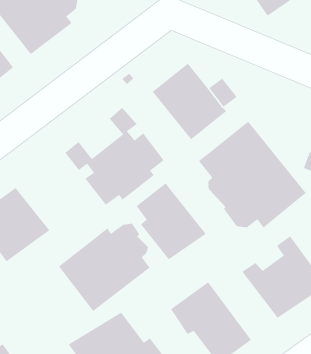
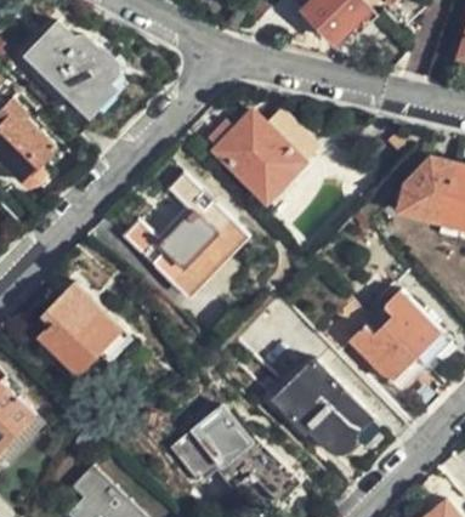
building: [198,121,306,228] -> none
building: [136,183,206,260] -> none
building: [58,223,150,312] -> none

